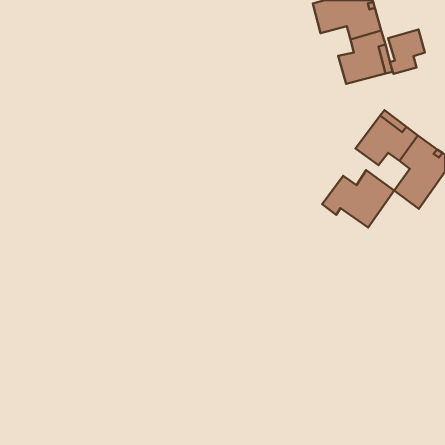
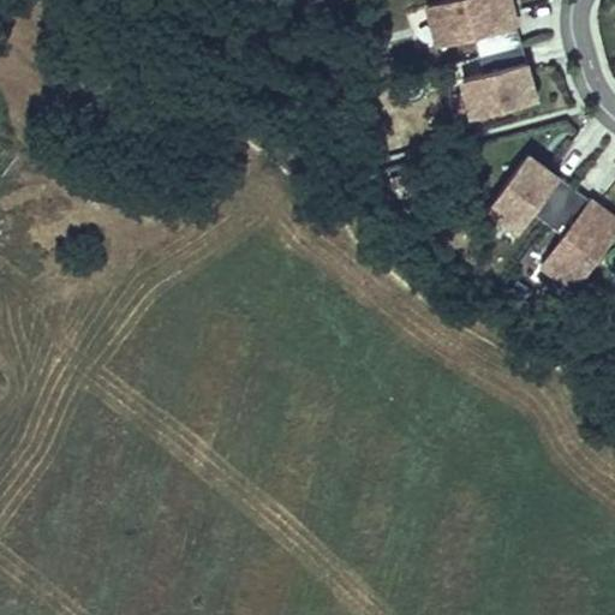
building: [388,29,425,74] -> none
building: [322,170,394,227] -> none

